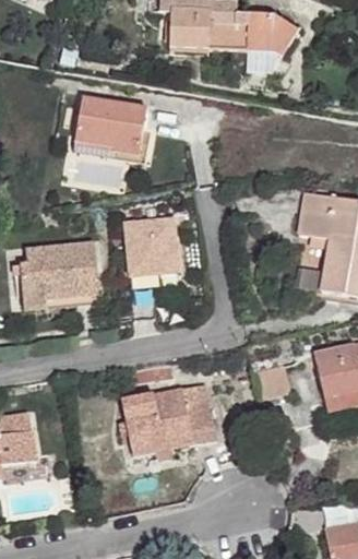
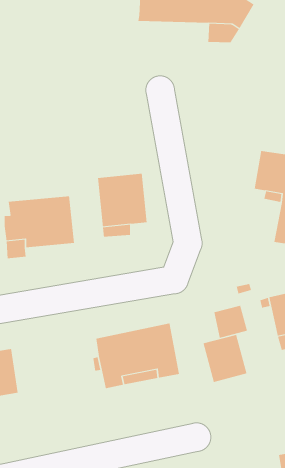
building: [76,96,147,155] -> none
building: none -> [203,334,247,383]

